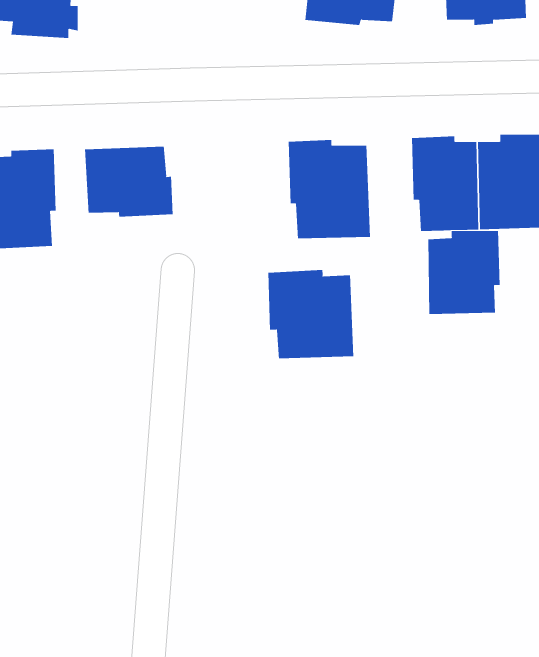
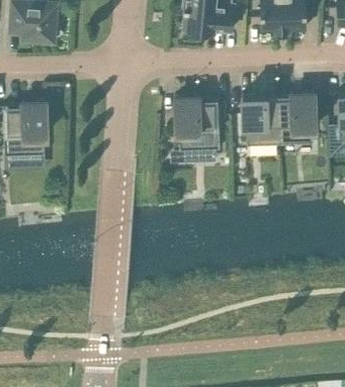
building: [85,146,173,218] -> none
building: [428,230,500,315] -> none
building: [268,269,354,359] -> none

